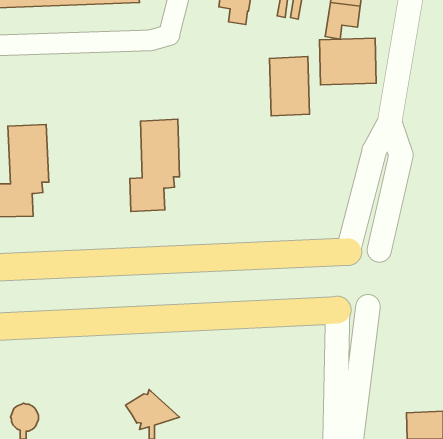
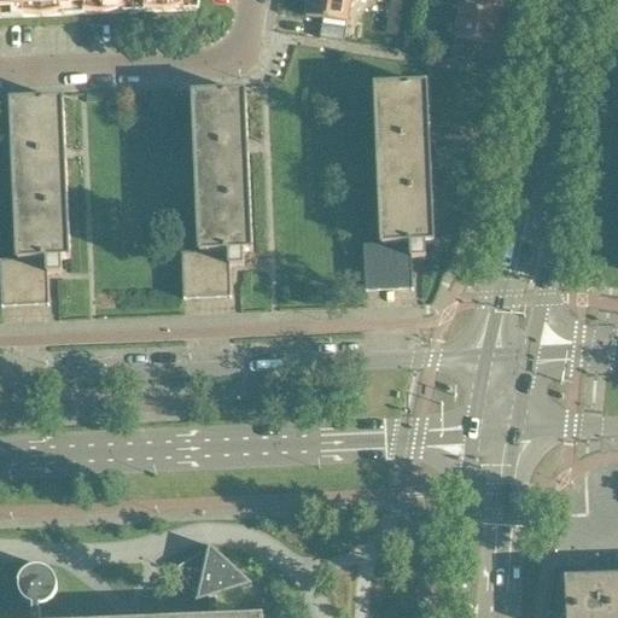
building: [320,38,376,85] -> none
building: none -> [191,86,246,168]
building: none -> [8,94,64,175]
building: none -> [362,158,431,286]

